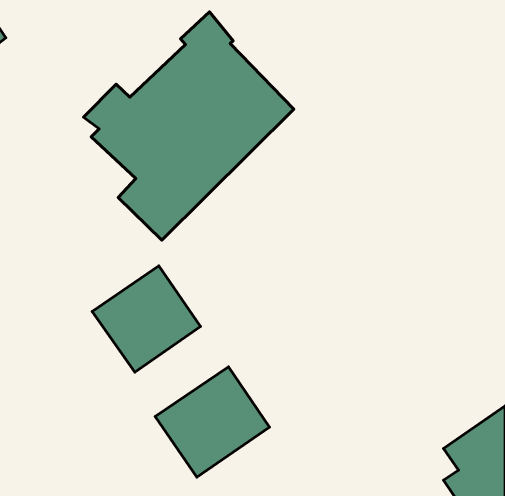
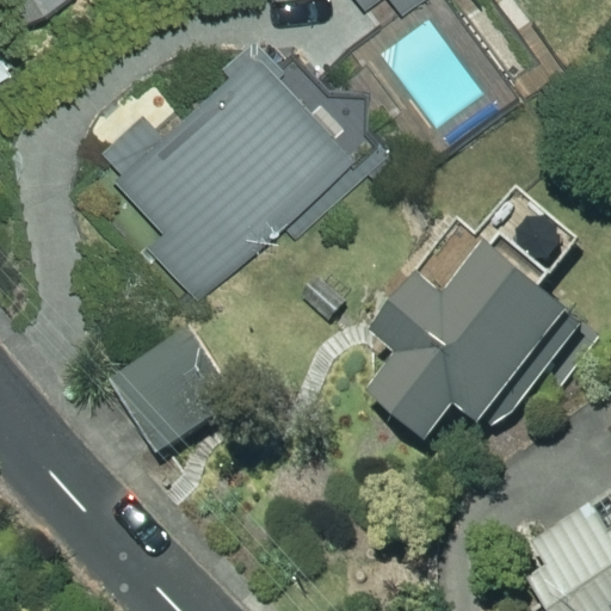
building: none -> [369,237,574,440]
building: [155,367,269,477] -> none

